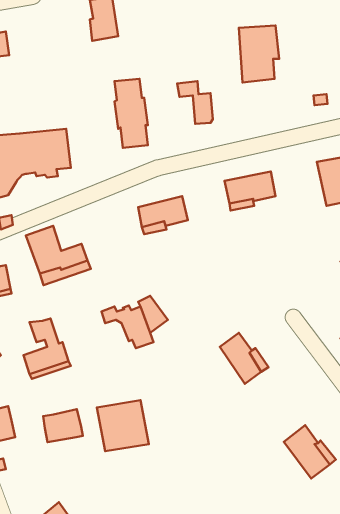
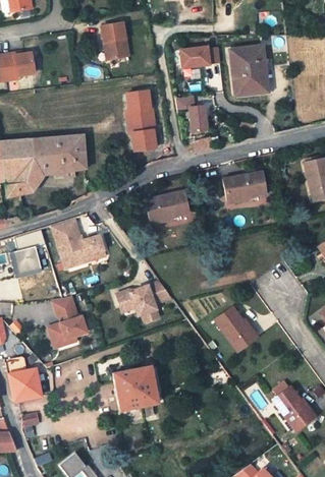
building: none -> [181,44,222,64]
building: [43,409,83,442] -> none

